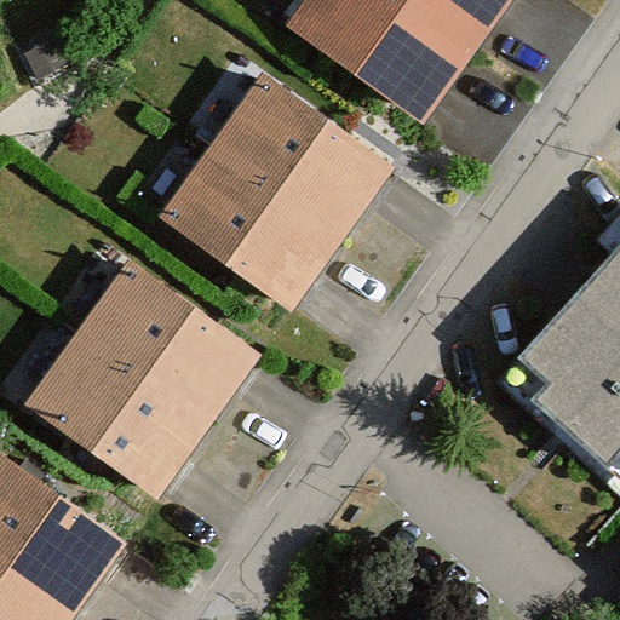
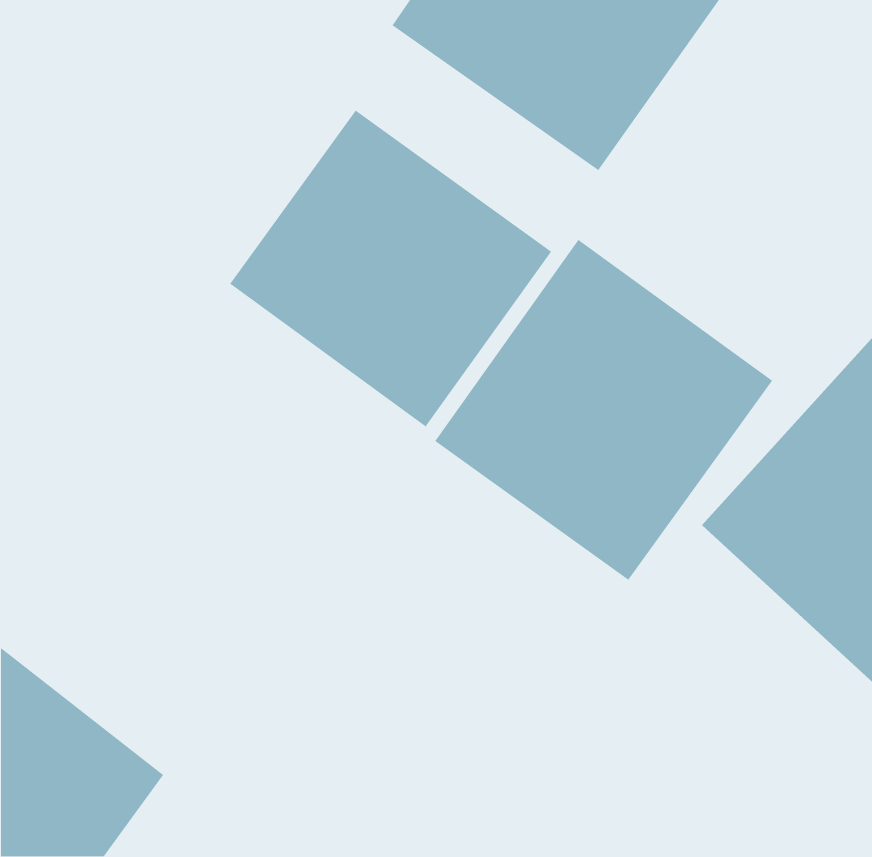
building: none -> [434,239,773,581]
building: [25,259,252,503] -> none

